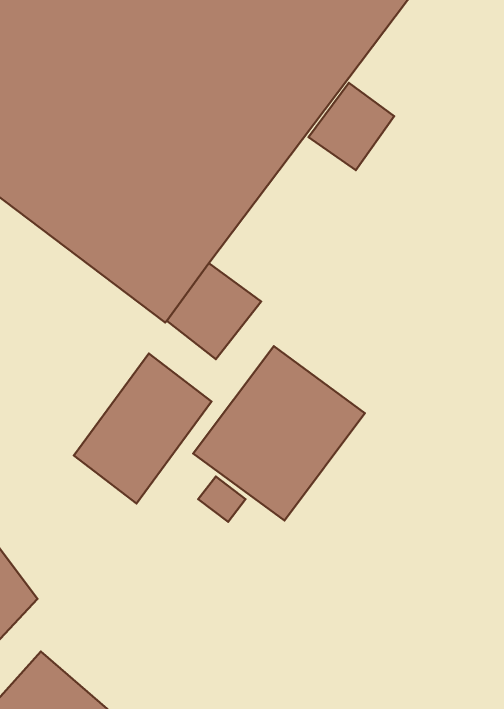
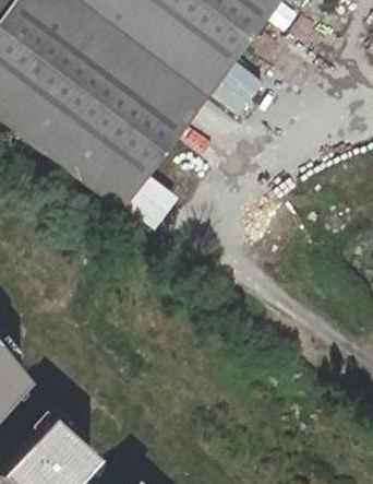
building: [193,346,365,520] -> none
building: [74,353,211,504] -> none

